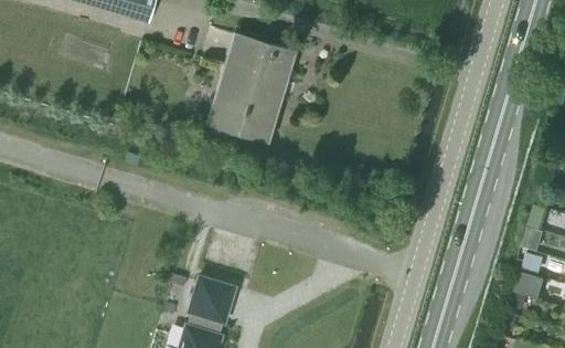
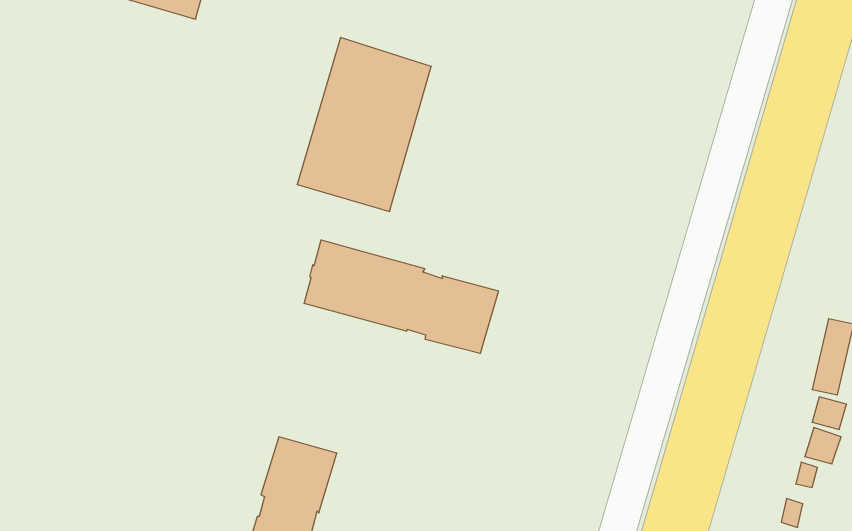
building: none -> [304,240,498,354]

